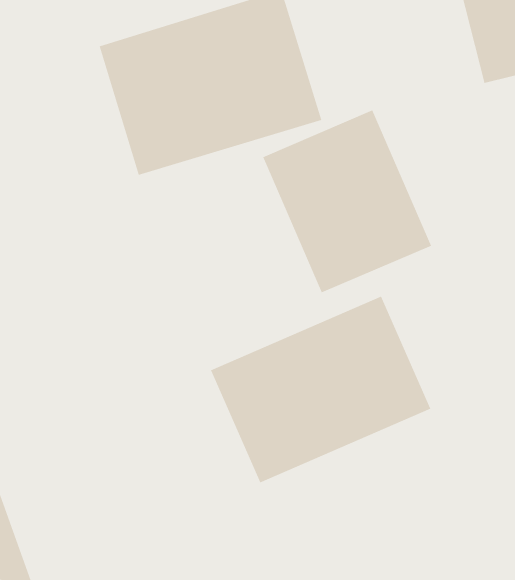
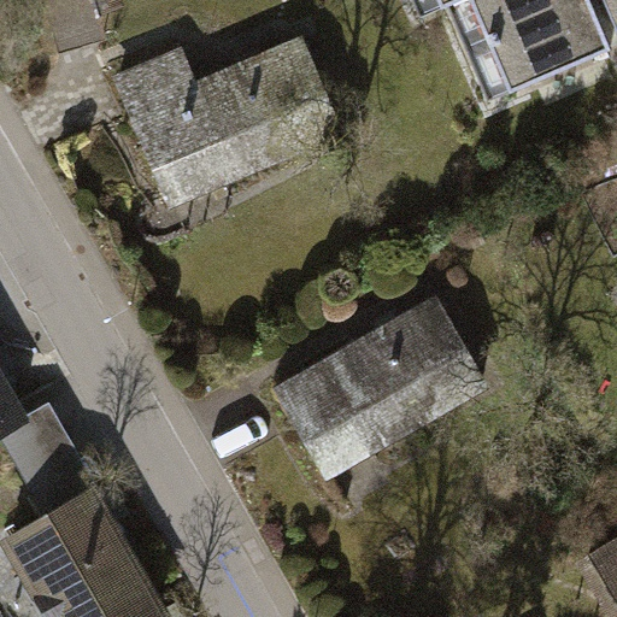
building: [262,110,432,293] -> none

